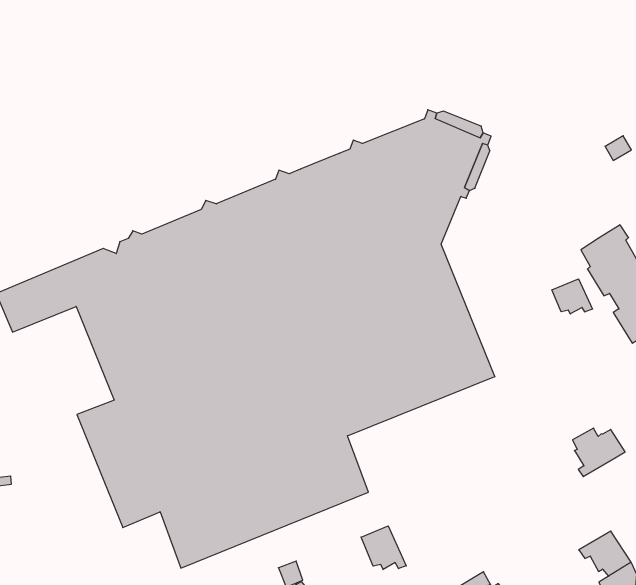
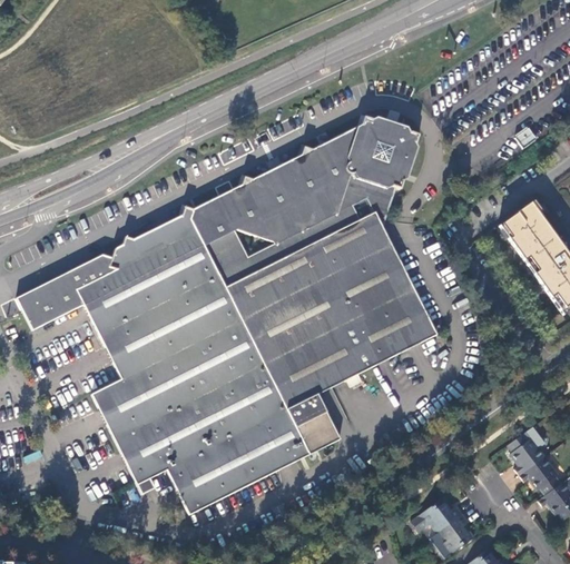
building: [552,279,593,314] -> none
building: [573,428,625,477] -> [508,433,552,474]
building: [361,526,406,570] -> none

